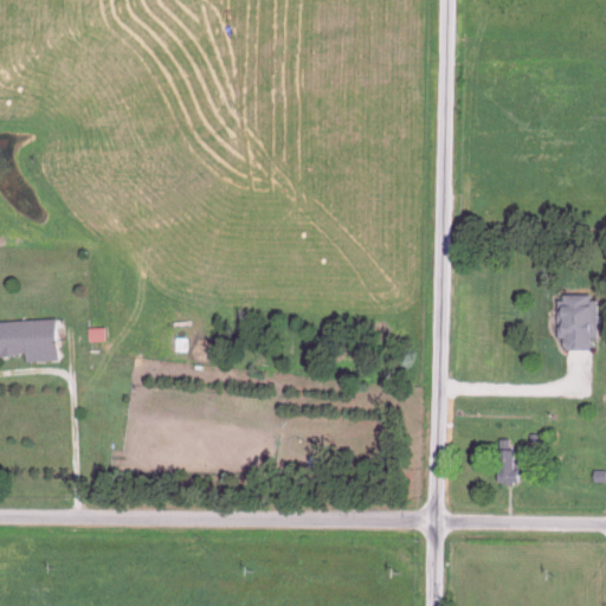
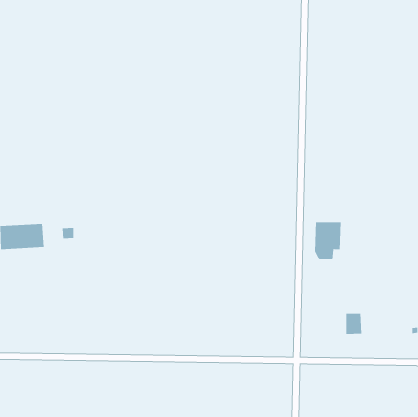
building: [556,296,595,350] -> [314,222,341,260]

